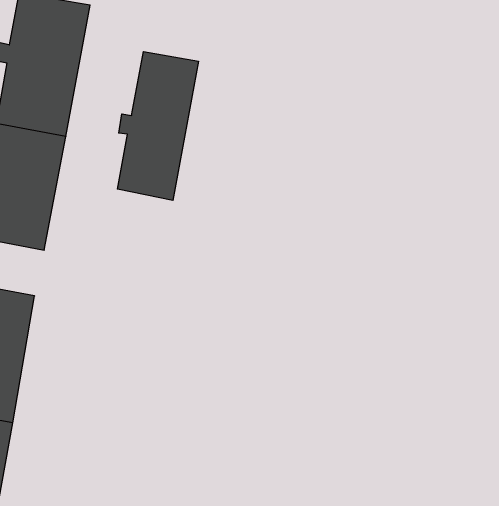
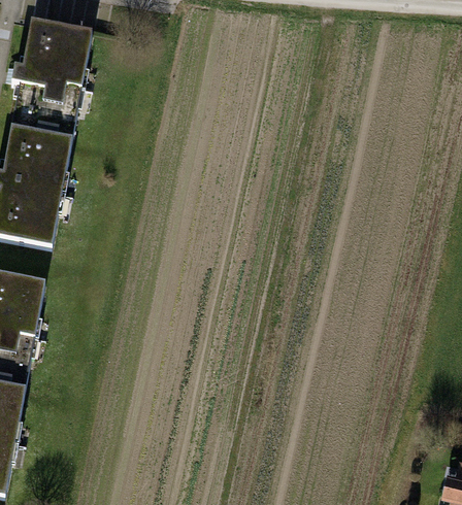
building: [117,52,198,200] -> none

